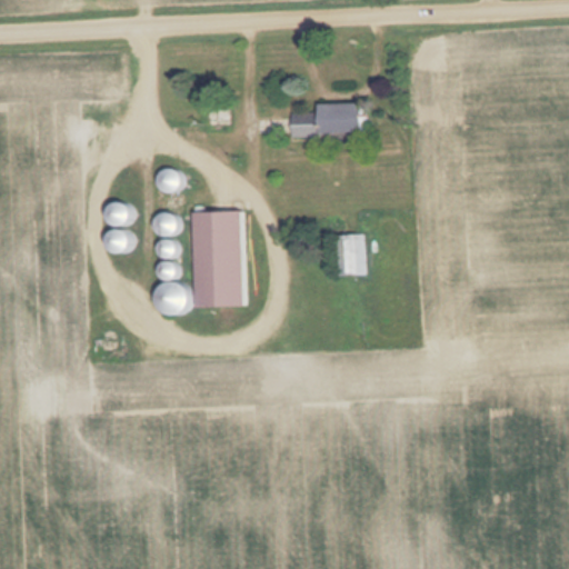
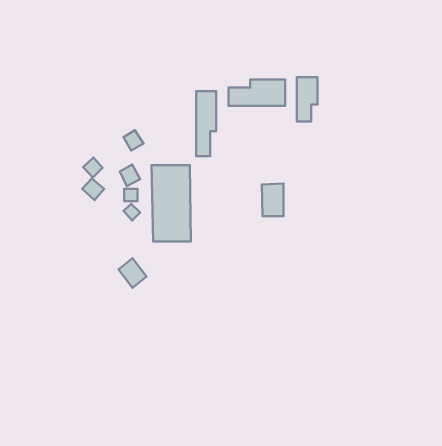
building: none -> [297,77,317,121]
building: none -> [196,91,216,156]
building: [154,280,190,318] -> [118,258,146,288]

